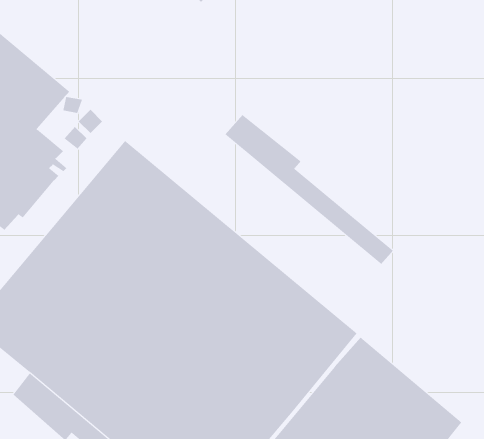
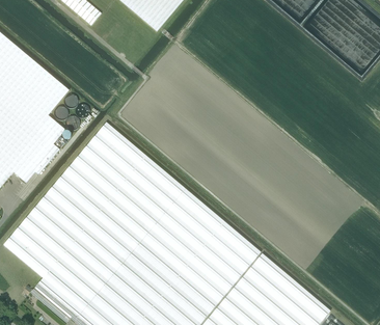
building: [225,114,394,265] -> none

